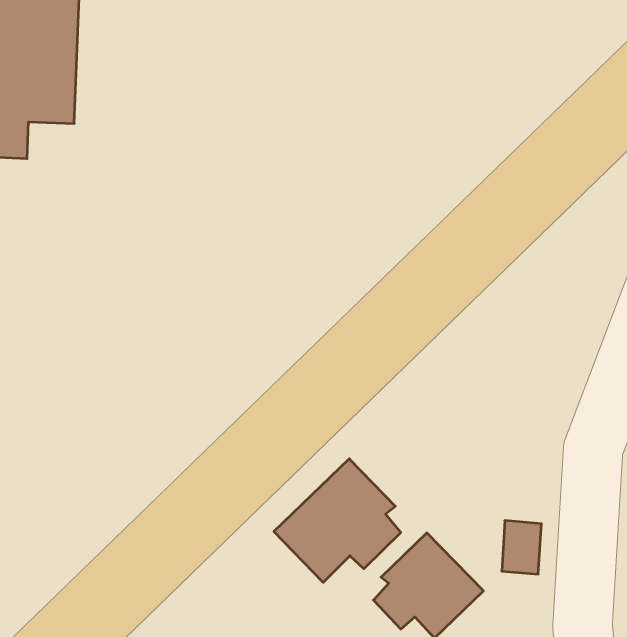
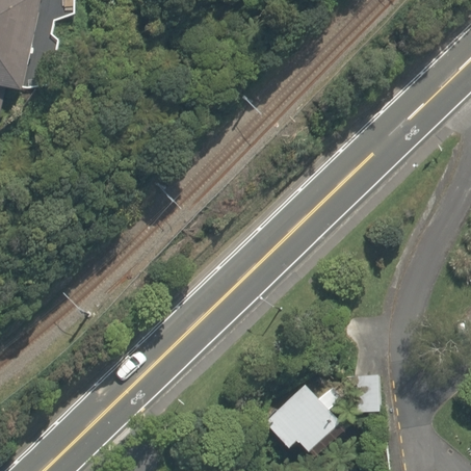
building: [274,459,401,582] -> none

